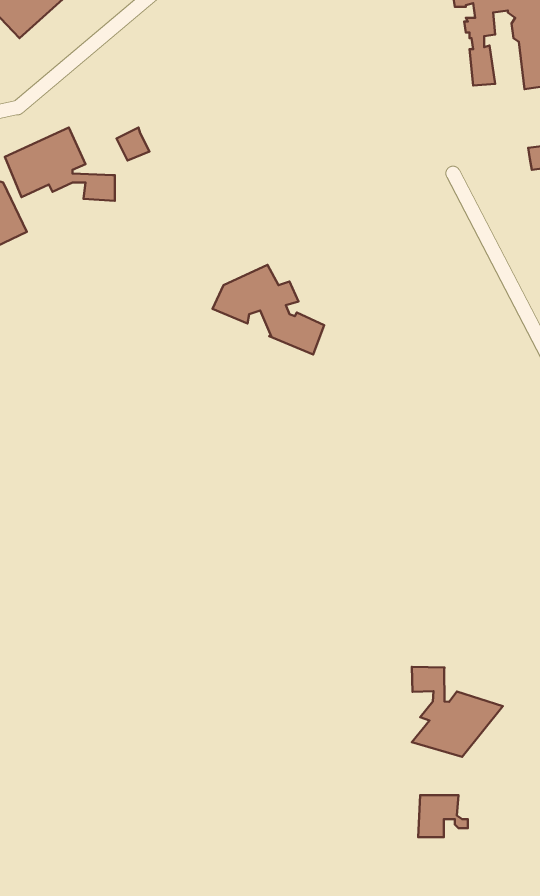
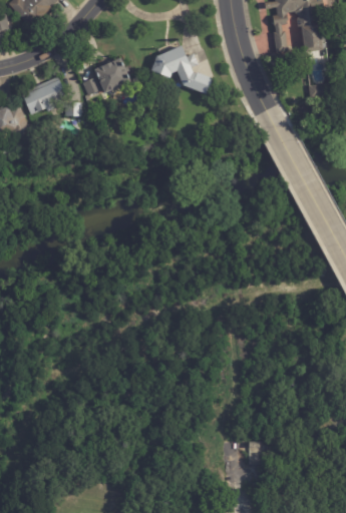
building: none -> [94,56,129,91]
building: [213,265,324,355] -> [150,44,212,93]
building: [412,667,503,757] -> none

